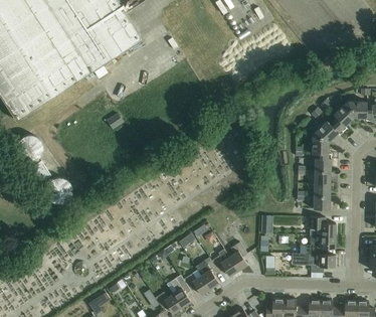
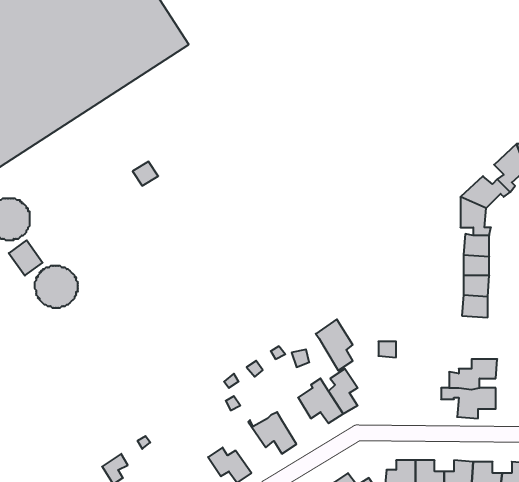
building: [308,217,335,236] -> none
building: [195,258,218,290] -> [316,319,353,371]
building: [165,276,190,308] -> none

